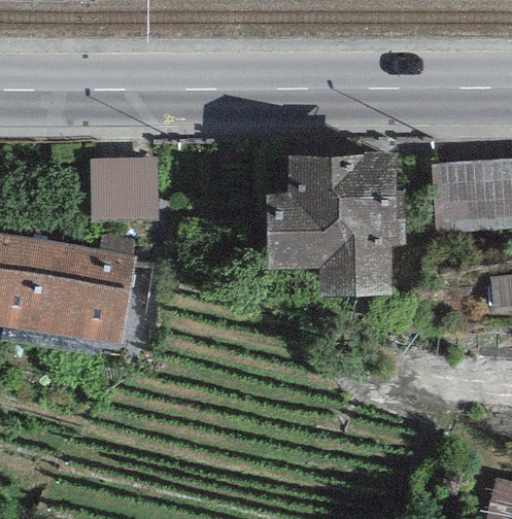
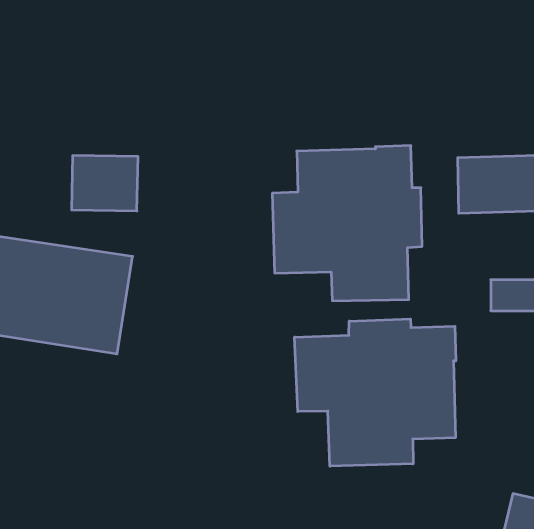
building: none -> [295,319,456,466]

